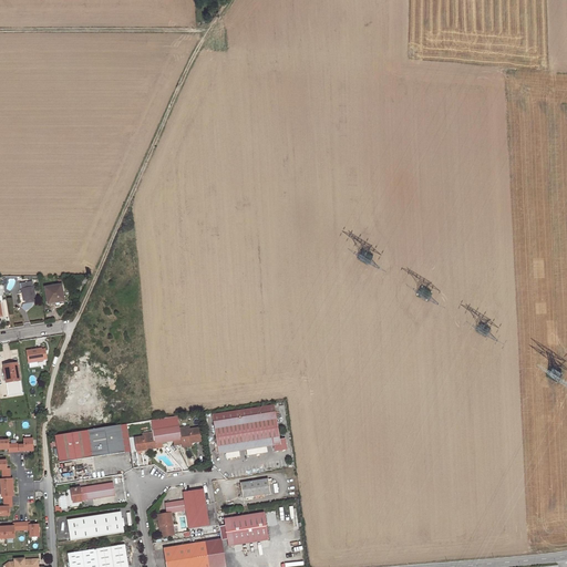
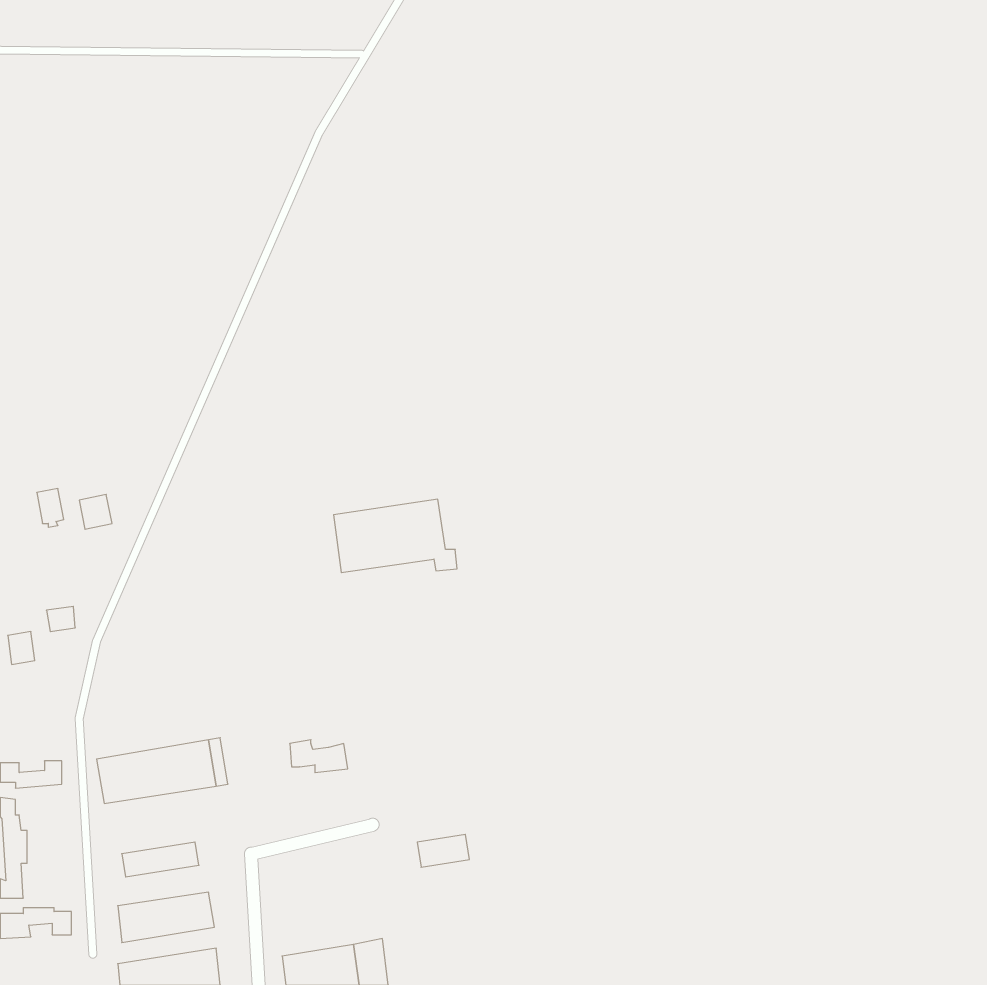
building: [213,411,284,453] -> [334,499,457,573]
building: [134,426,167,450] -> none
building: [157,488,207,536] -> none
building: [223,512,267,545] -> none

